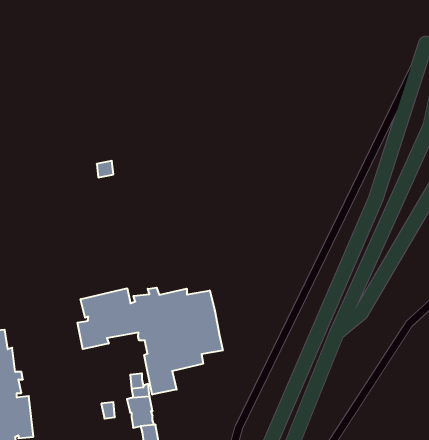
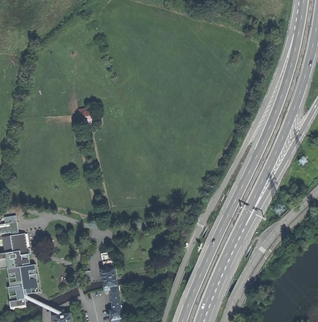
building: [77,288,223,395] -> none

